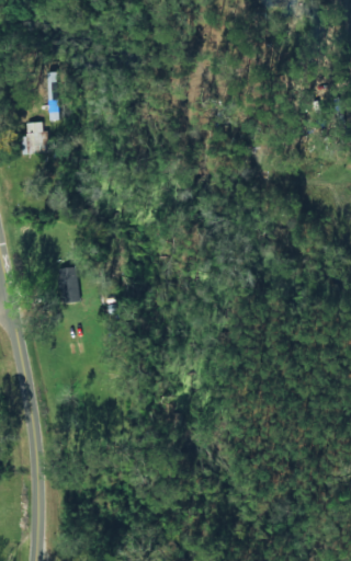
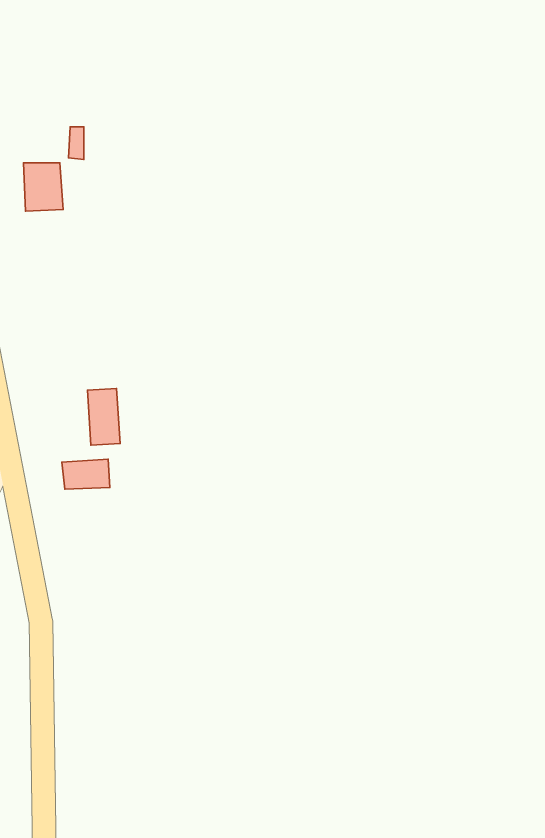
building: none -> [62,459,110,489]

